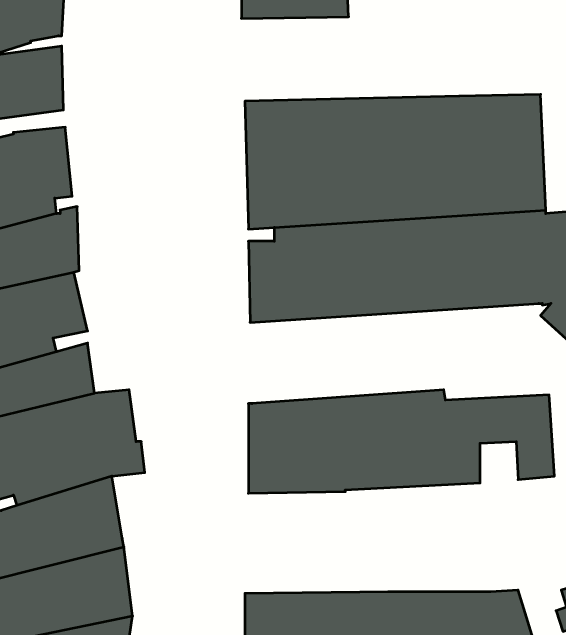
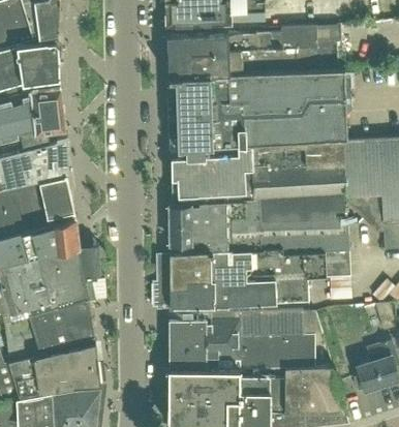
building: none -> [165,26,340,74]
building: none -> [171,195,349,255]
building: none -> [166,311,321,369]

